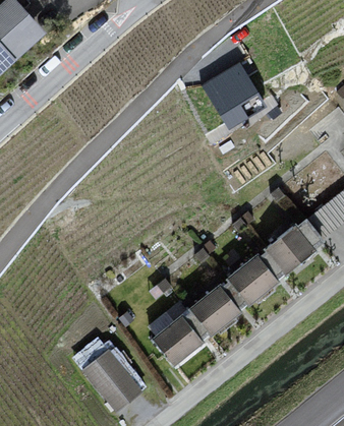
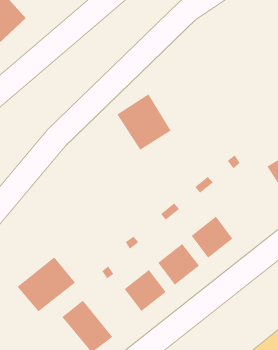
building: [203,62,265,126] -> [116,94,171,150]
building: [267,225,316,272] -> none
building: none -> [17,256,76,312]

